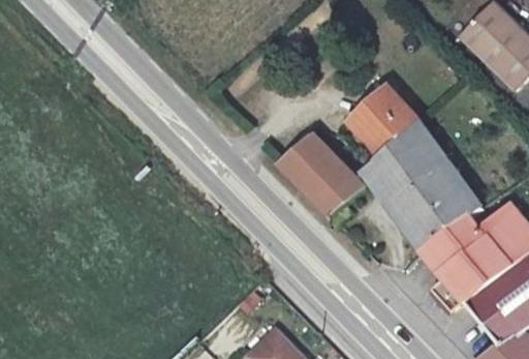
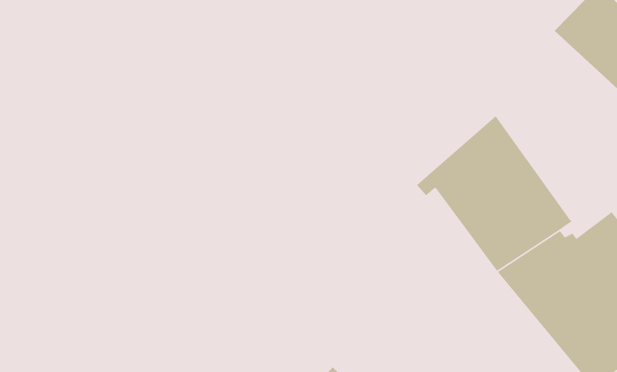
building: [345,84,416,161] -> none
building: [272,131,360,214] -> none

